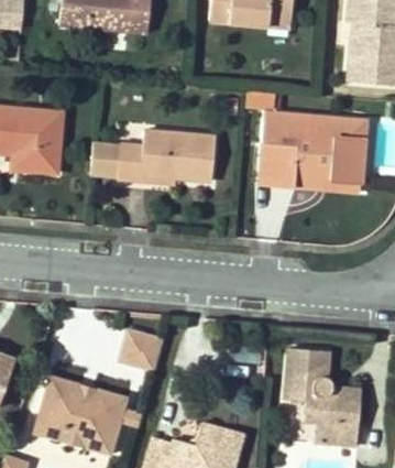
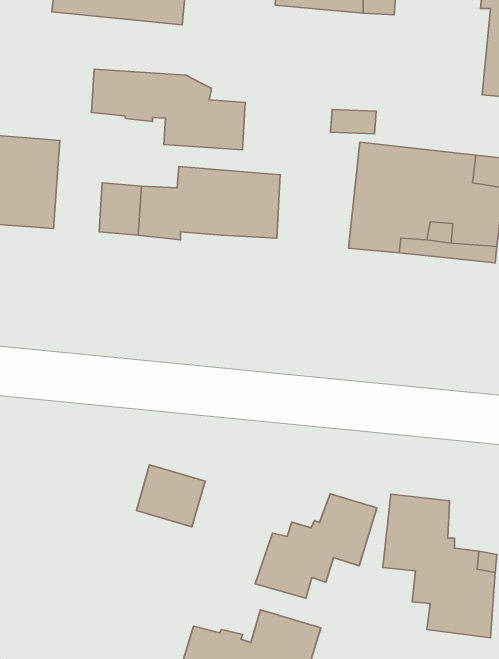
building: none -> [91,69,245,150]
building: none -> [255,494,377,598]
building: [33,378,140,456] -> none

